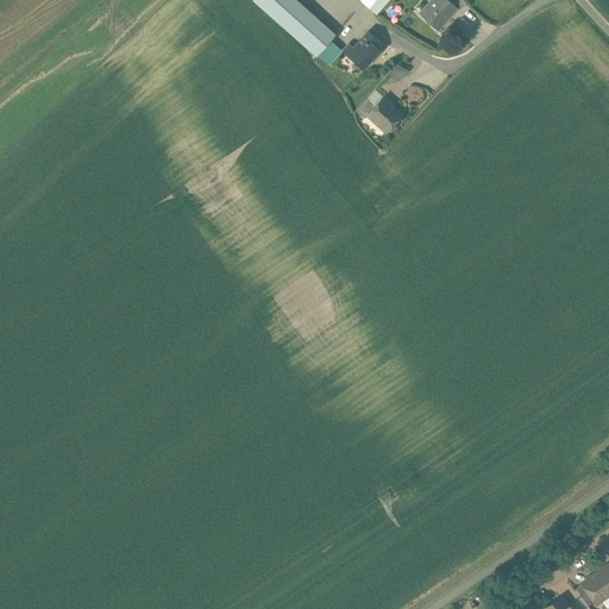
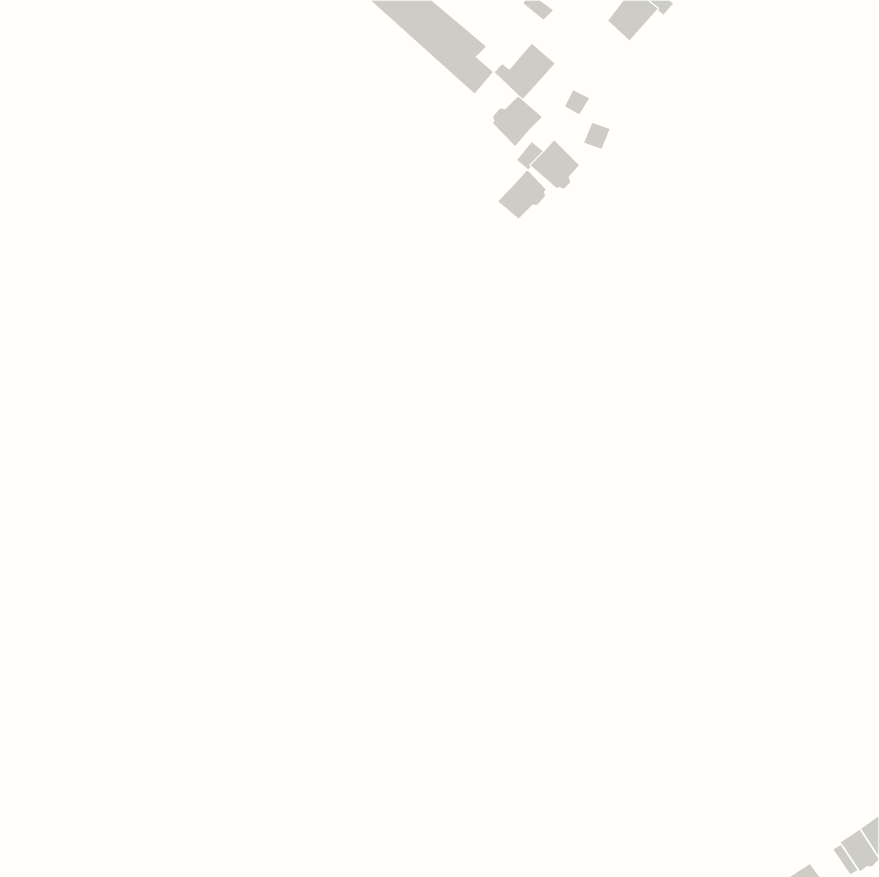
building: none -> [492,96,543,147]
building: none -> [497,169,547,220]

